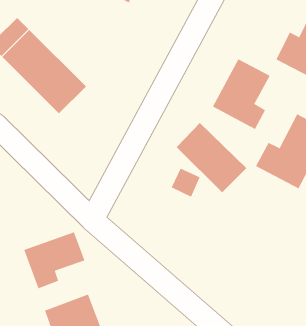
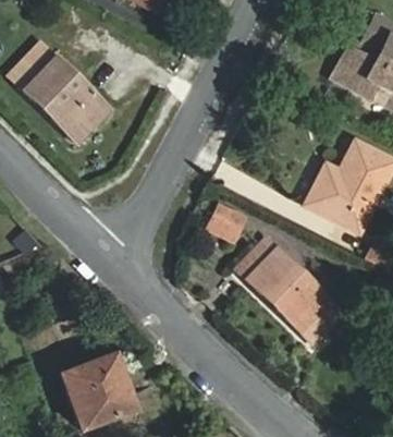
building: [212,59,271,130] -> none
building: [176,122,247,193] -> [248,250,332,333]
building: [24,231,85,289] -> none

